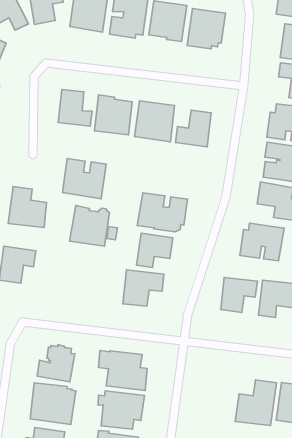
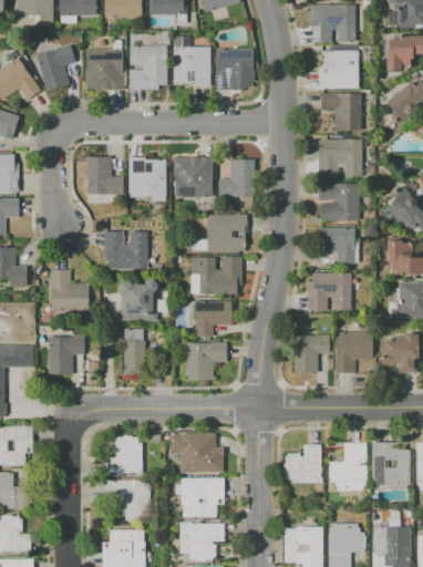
building: none -> [208,215,247,251]
building: none -> [124,329,145,374]
building: none -> [285,445,323,483]

